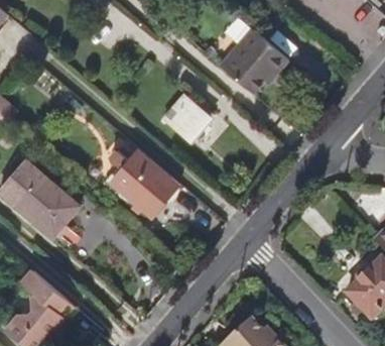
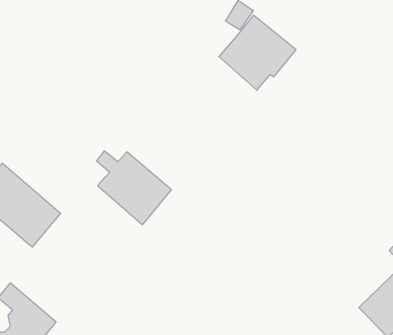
building: [163,94,210,140] -> none

